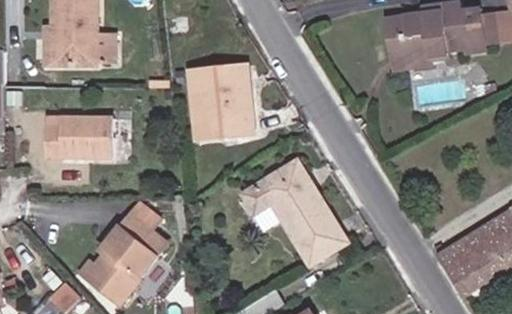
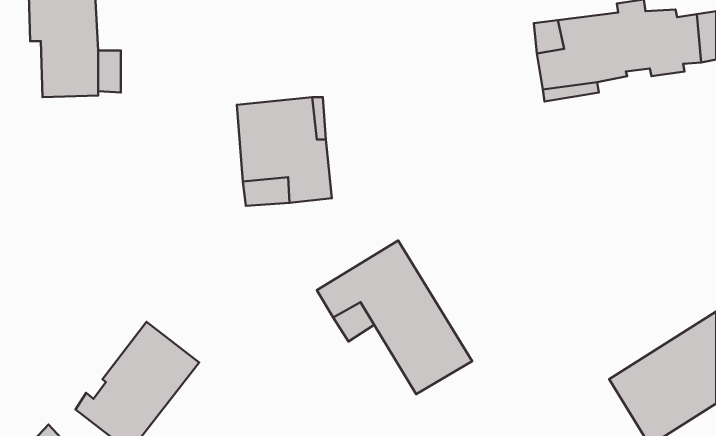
building: [46,117,112,155] -> none

